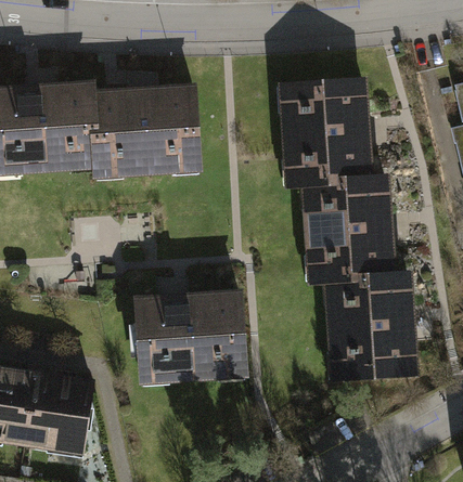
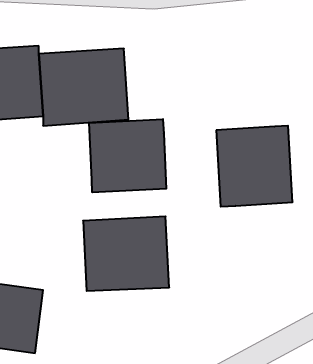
building: [278,77,375,184] -> none
building: none -> [89,119,166,192]
building: [327,270,417,382] -> none

